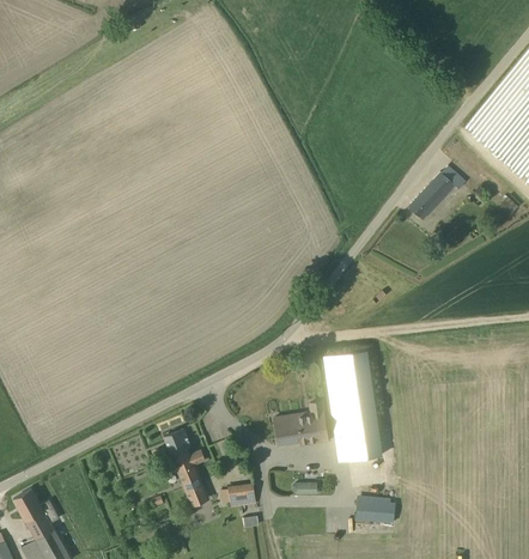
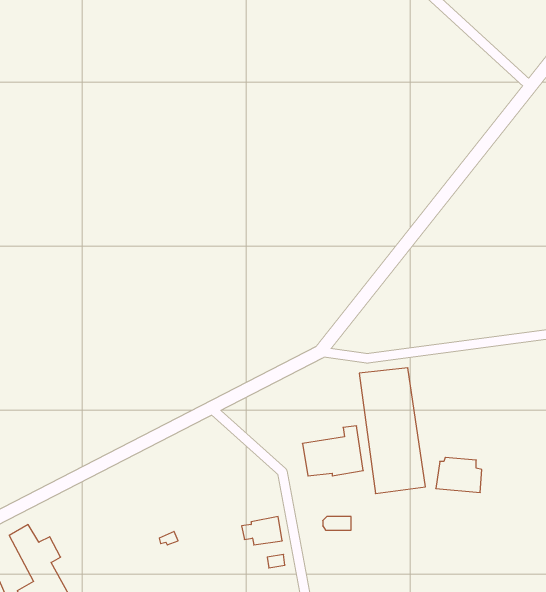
building: [407,166,464,220] -> none
building: [163,429,209,506] -> none
building: [353,492,394,523] -> [436,457,482,492]

